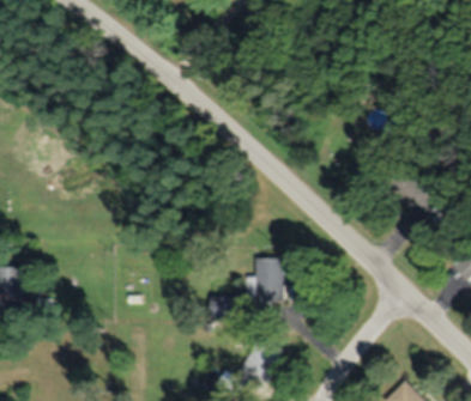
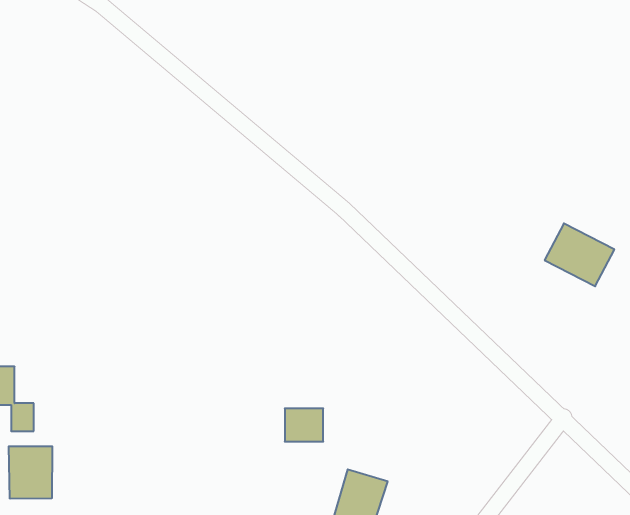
building: [244,259,283,300] -> none
building: none -> [9,446,52,499]

